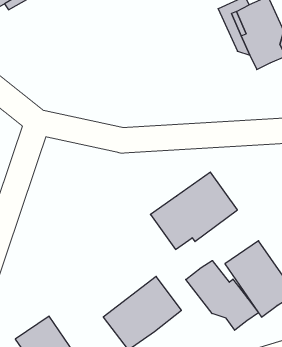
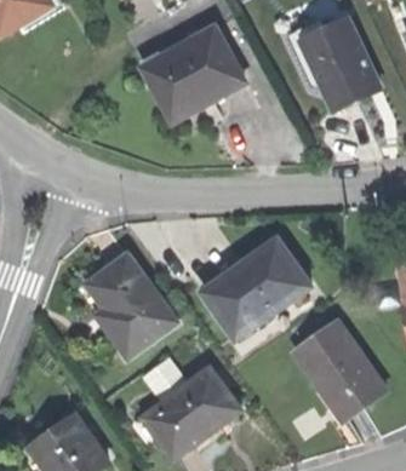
building: none -> [138,29,242,122]
building: none -> [86,255,175,357]
building: [186,261,258,330] -> none

